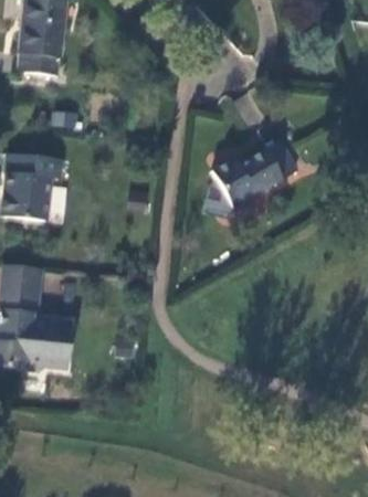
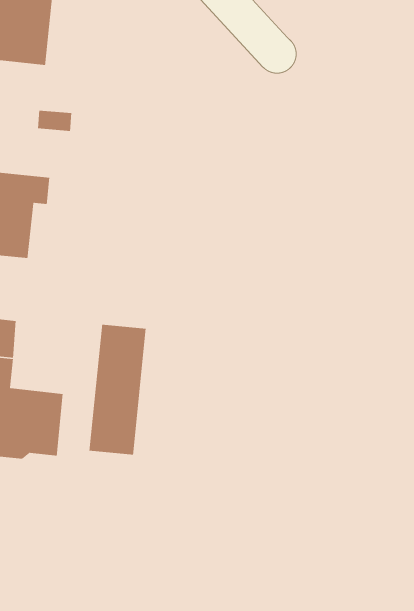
building: [211,139,296,205] -> none
building: none -> [89,324,146,456]

